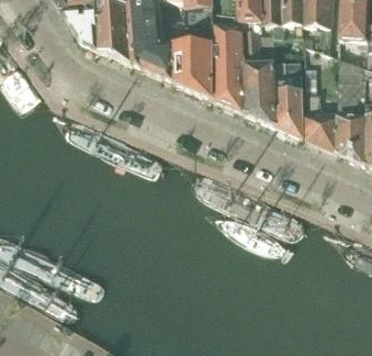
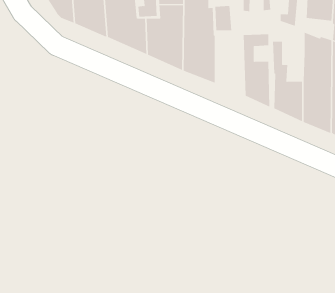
building: [246,60,277,124] -> none

